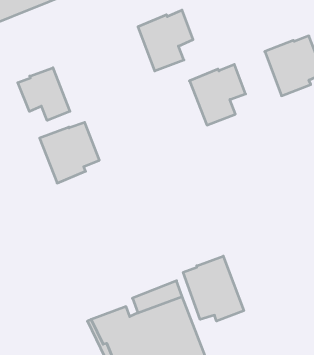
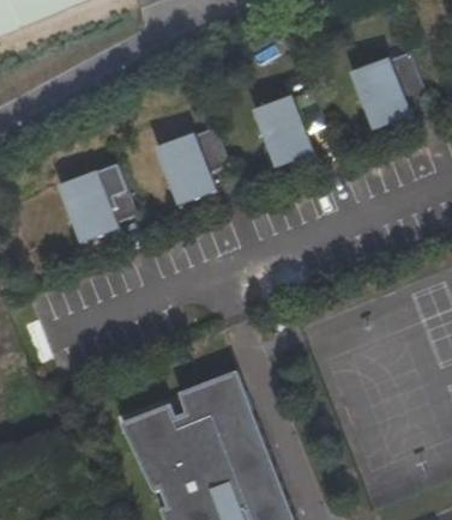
building: [138,10,193,71] -> [156,126,228,205]
building: [18,68,70,120] -> none
building: [183,256,244,321] -> none

